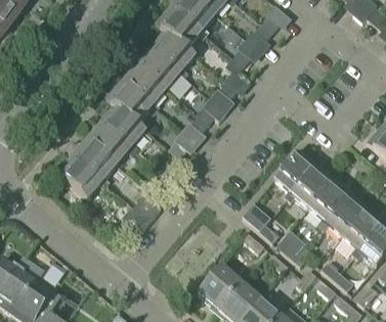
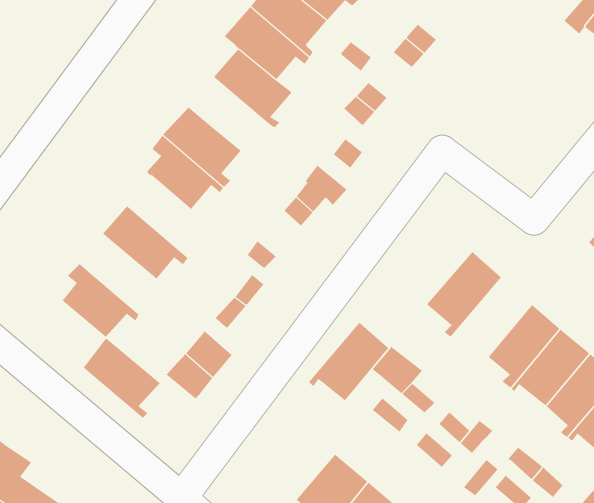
building: [134,46,184,89] -> none
building: [98,103,144,151] -> none
building: [71,137,116,184] -> [83,337,160,419]
building: [287,163,334,209] -> [308,322,389,401]

